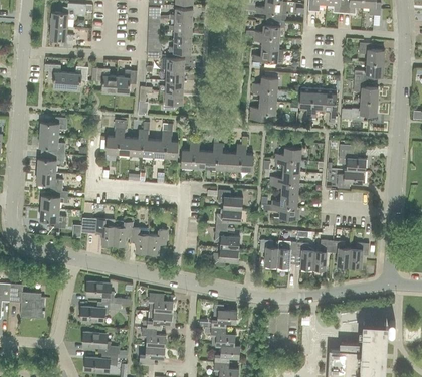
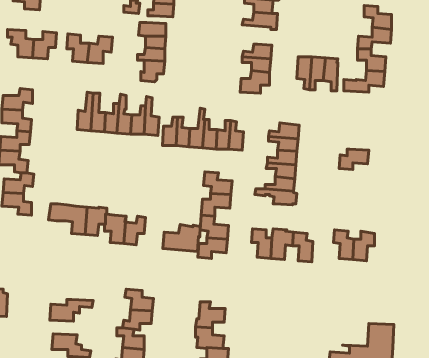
building: [340,149,366,171] -> none
building: none -> [163,225,200,251]
building: [312,239,333,269] -> none
building: [87,280,121,303] -> none

